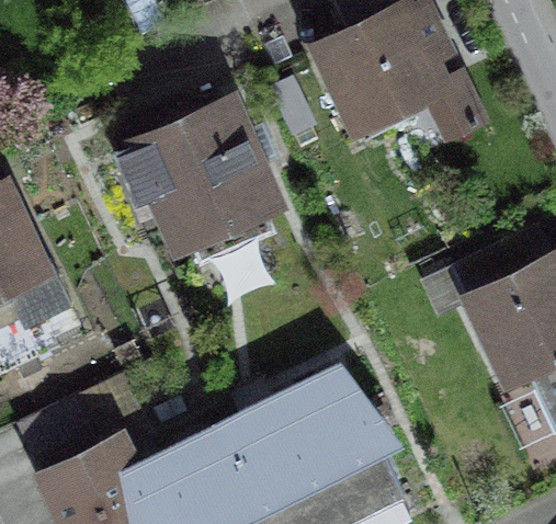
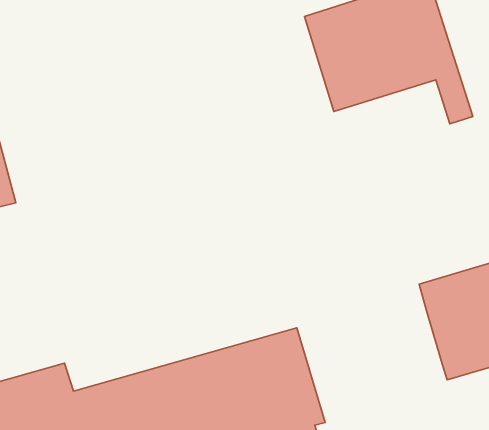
building: [120,102,283,267] -> none

